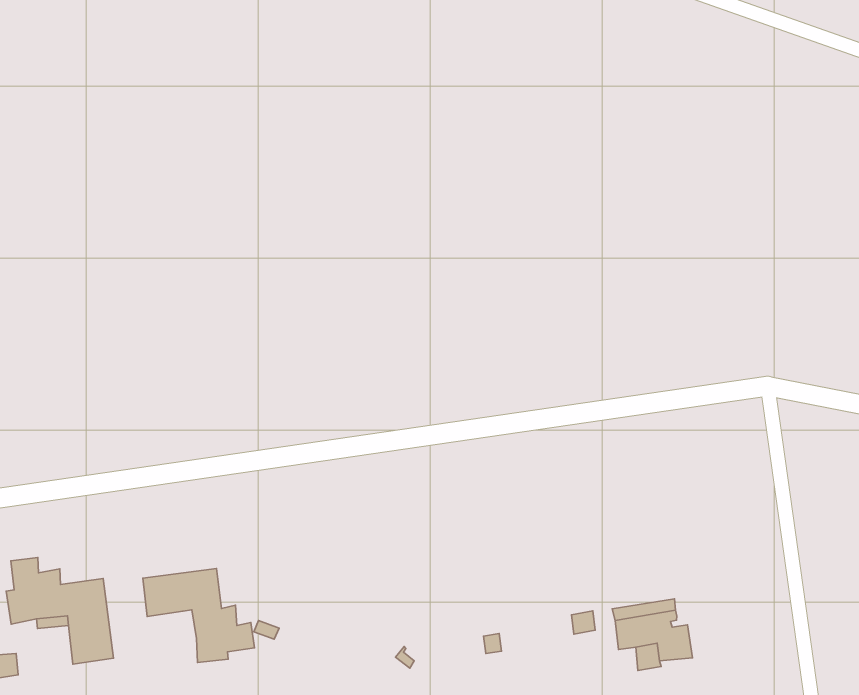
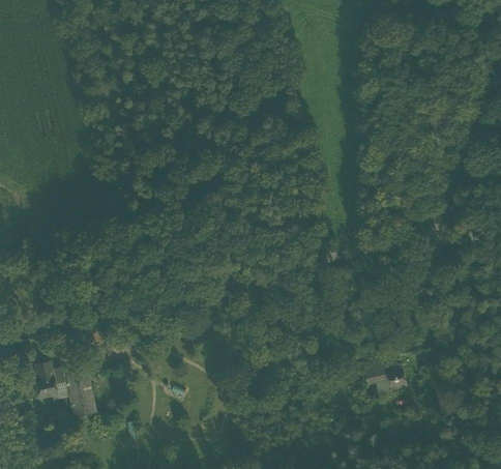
building: [143,568,254,663] -> none

